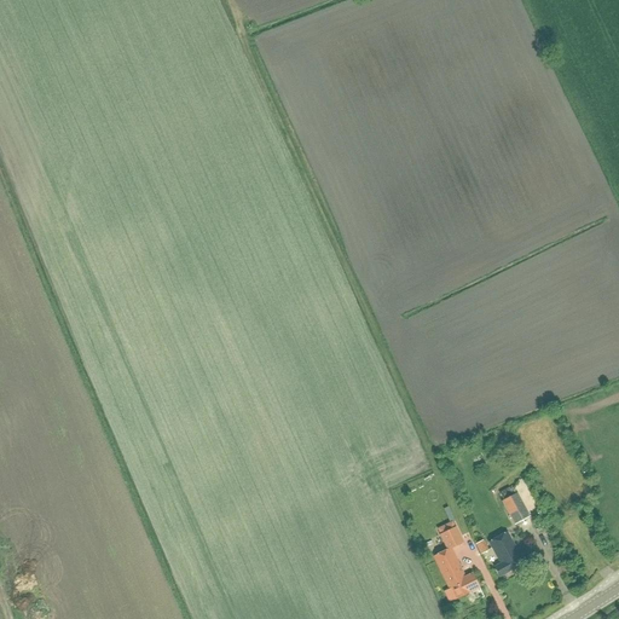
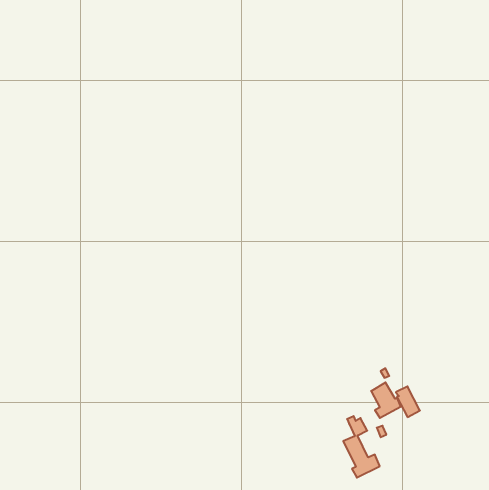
building: [490,532,527,577] -> [371,382,401,418]

